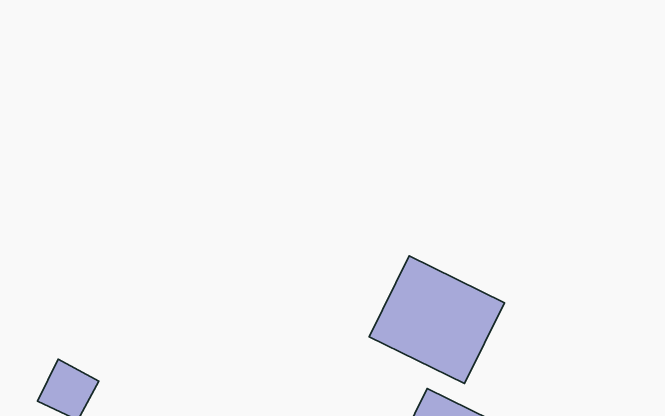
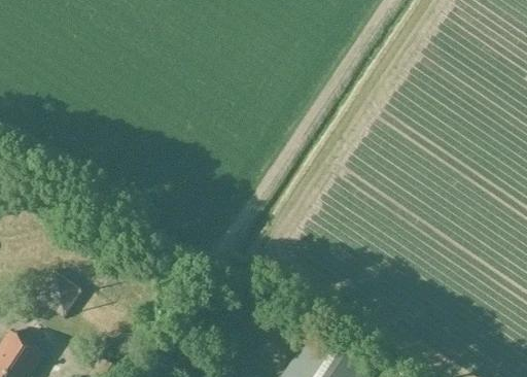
building: [369,256,504,384] -> none

